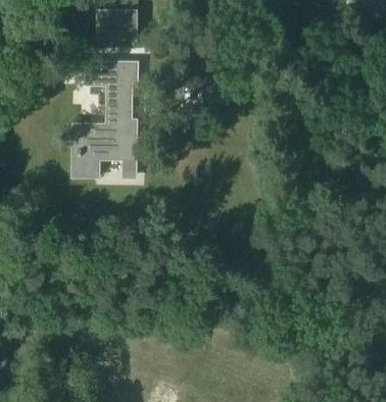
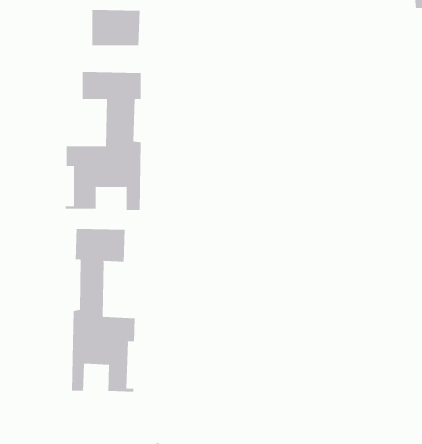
building: none -> [72,228,135,393]

